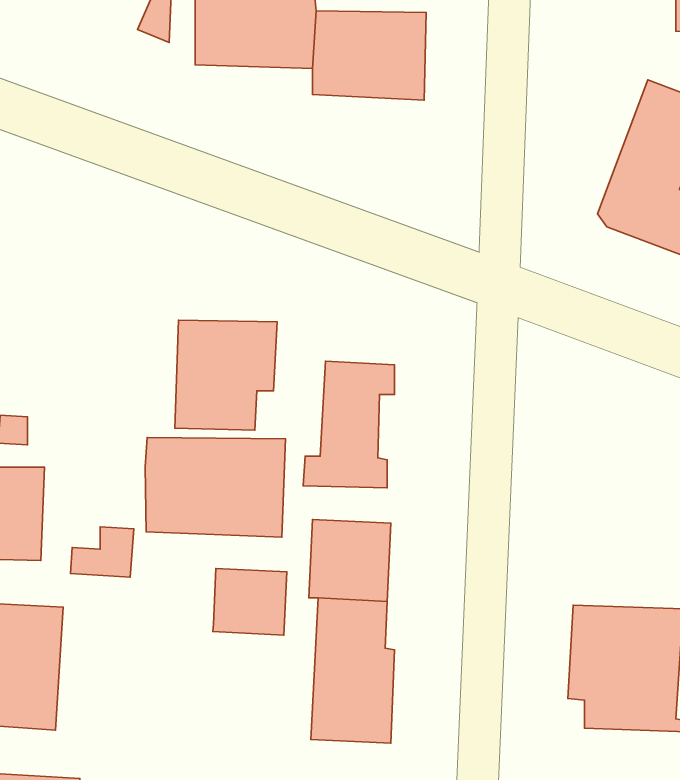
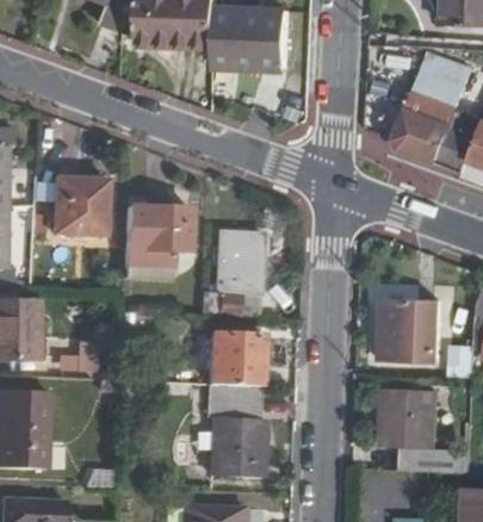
building: none -> [56,178,105,234]
building: [145,438,285,537] -> none
building: none -> [382,299,440,363]
building: [213,568,287,635] -> none

